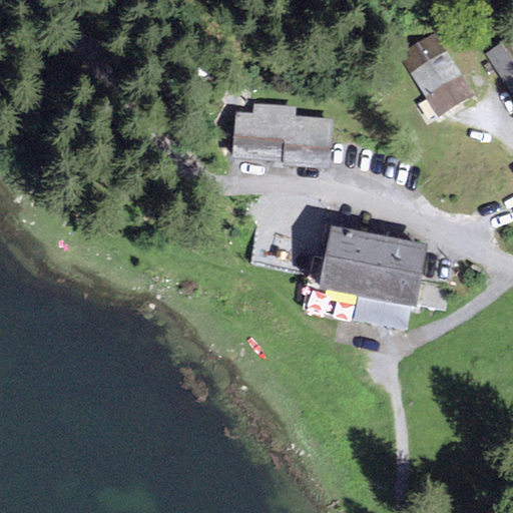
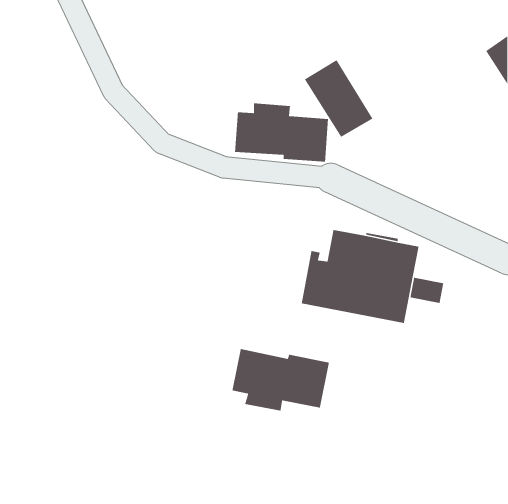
building: [401,31,471,110] -> [304,59,374,138]
building: none -> [232,348,330,412]

